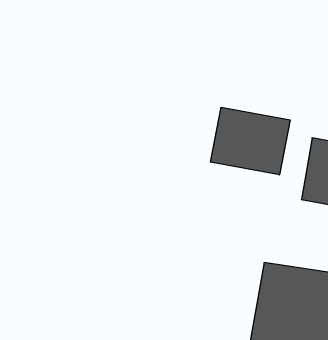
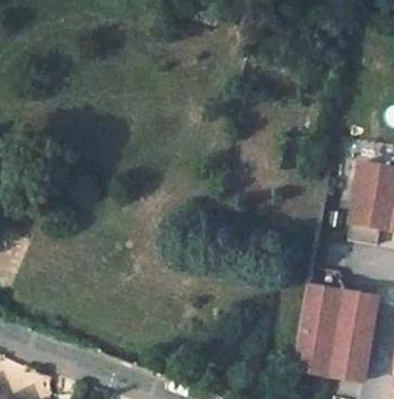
building: [210,107,290,175] -> none

